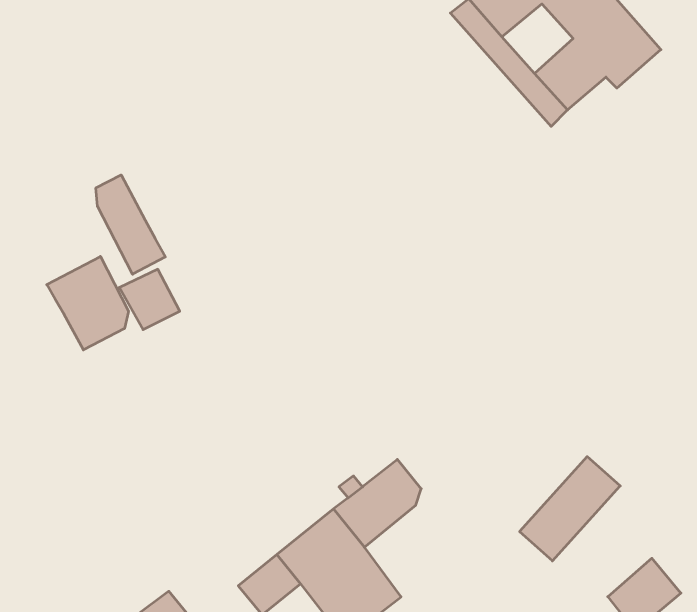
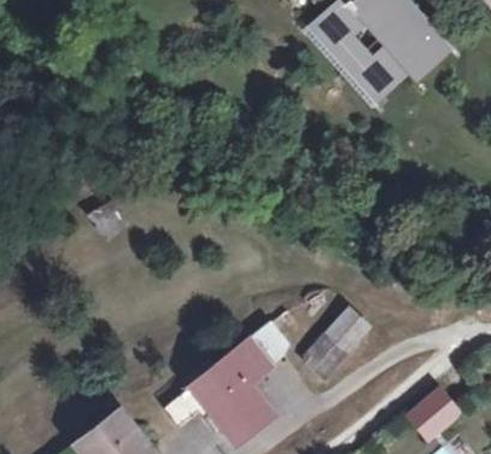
building: [96,175,165,274] -> none
building: [47,256,128,350] -> none
building: [520,457,620,561] -> [302,310,368,379]

